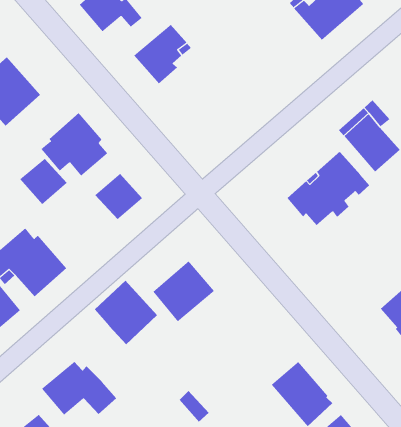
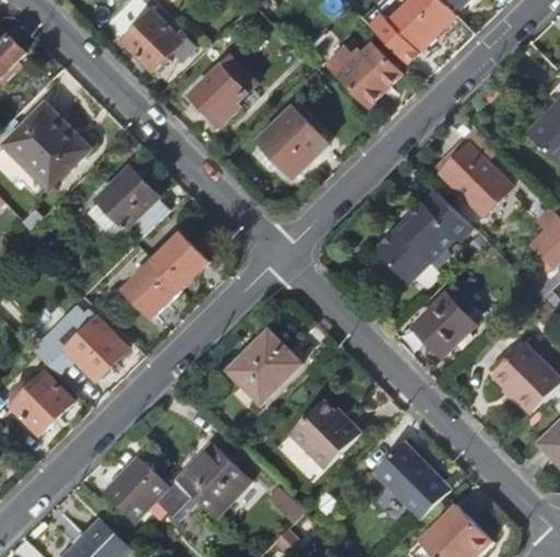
building: none -> [338,44,399,105]
building: none -> [257,106,326,176]
building: [19,158,68,205] -> [124,260,180,315]
building: none -> [416,289,478,358]
building: [94,280,158,345] -> [174,441,249,518]
building: none -> [285,398,361,471]

